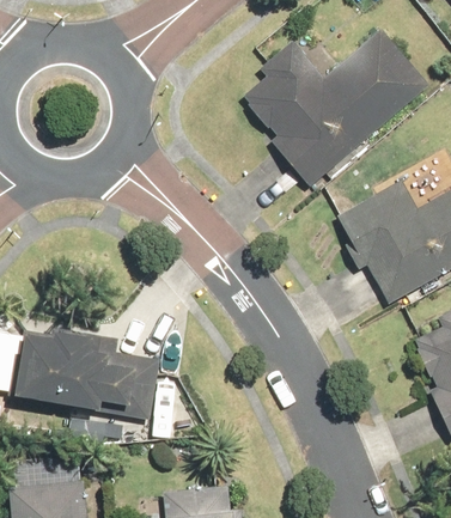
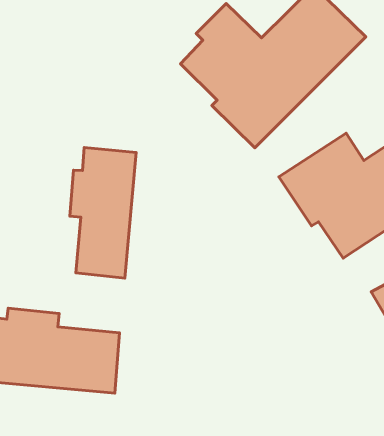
building: none -> [70,148,136,278]

